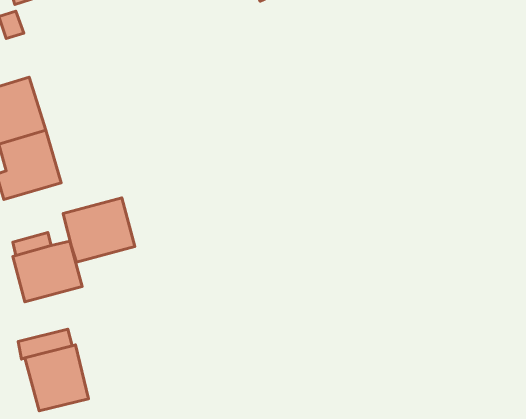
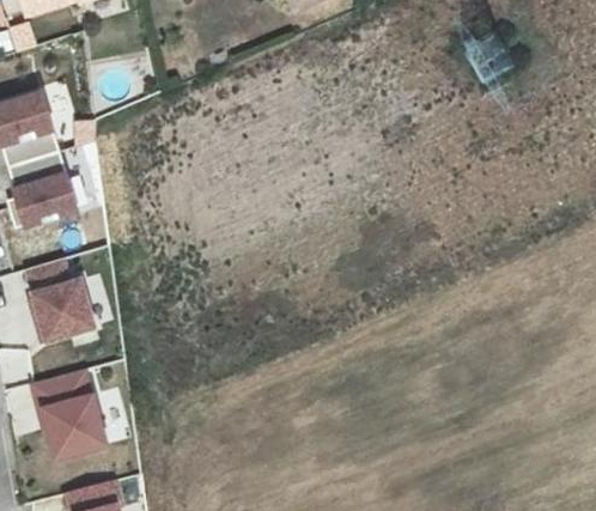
building: [63,198,135,262] -> none

